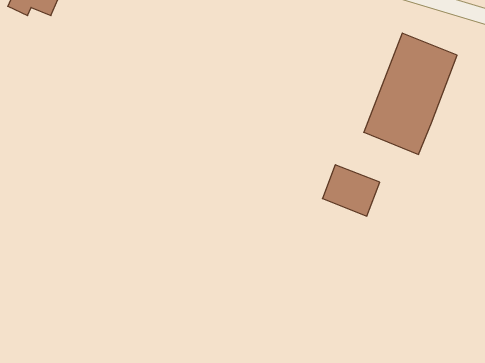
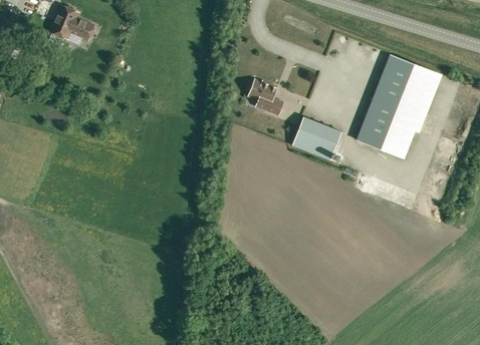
building: none -> [247,80,283,115]
building: [322,165,380,216] -> [292,117,341,161]

